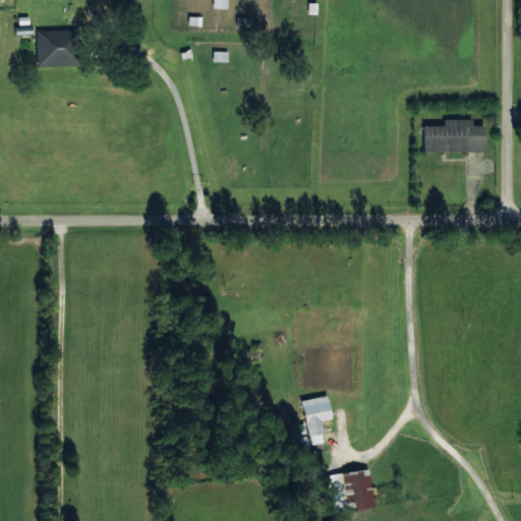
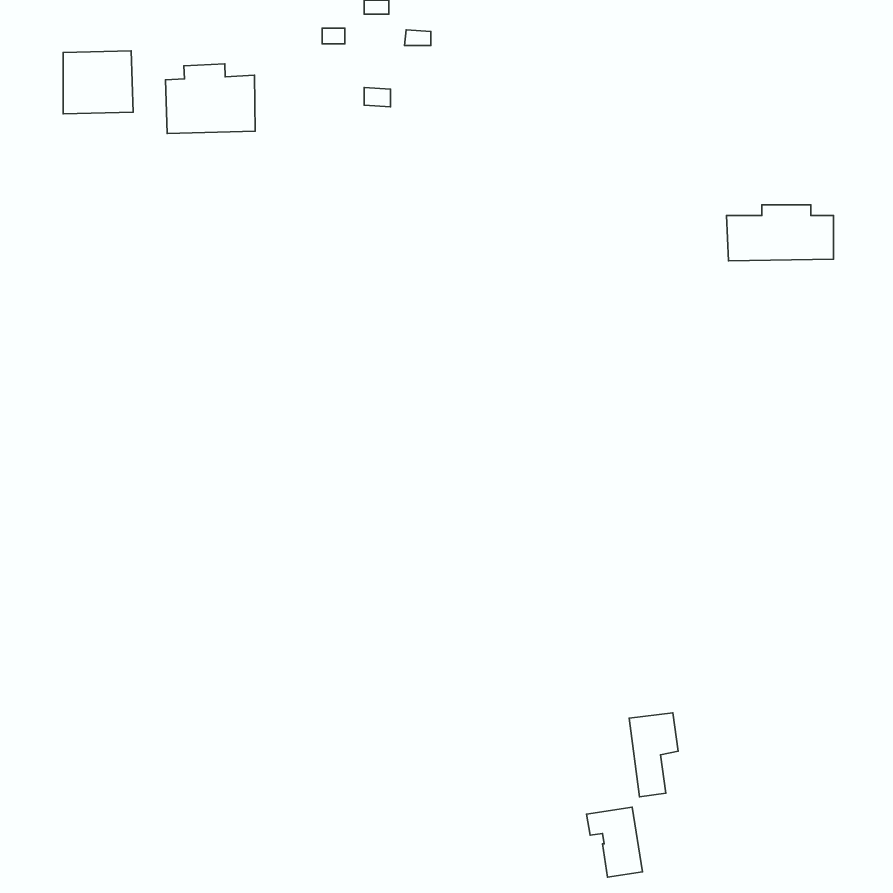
building: none -> [165,64,255,133]
building: [303,397,332,446] -> [629,713,678,797]

